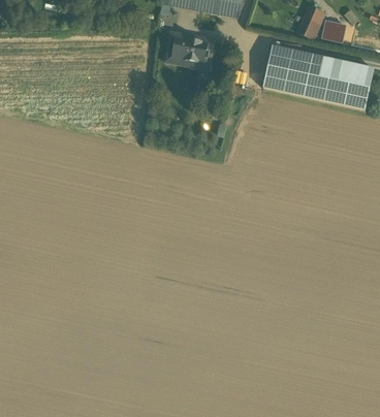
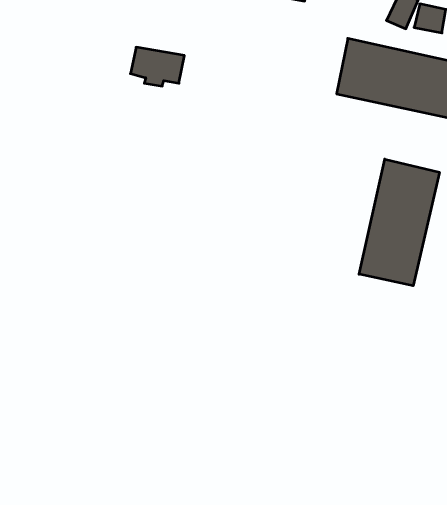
building: [172,36,213,65] -> [130,47,184,86]
building: none -> [359,159,439,286]

